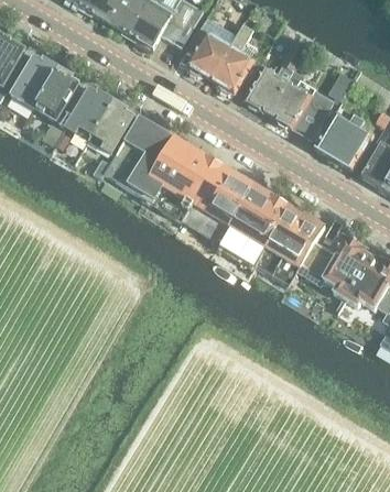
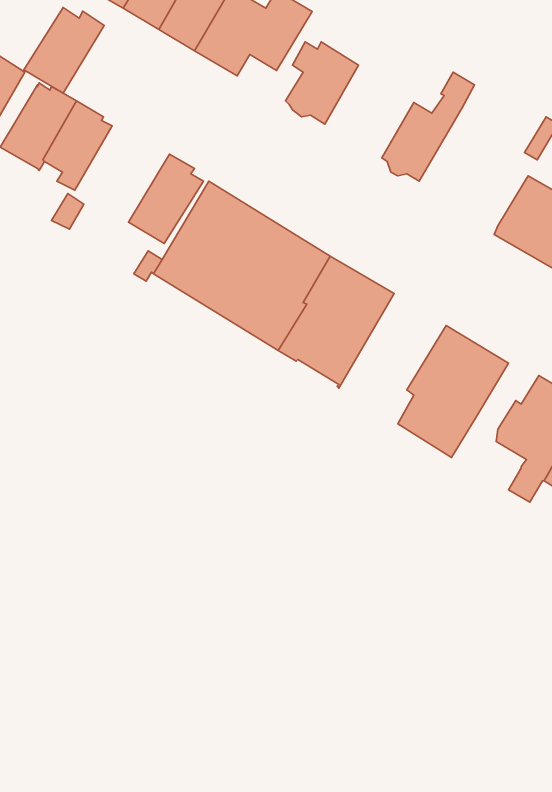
building: [210,15,257,92] -> none
building: [269,68,335,141] -> none
building: [65,86,115,139] -> [24,8,104,93]
building: [219,183,285,263] -> none

